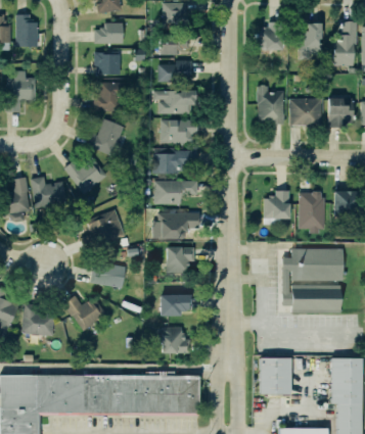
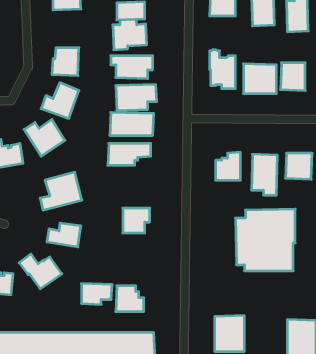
building: [94,52,122,78] -> none
building: [153,212,198,239] -> none
building: [159,295,191,317] -> [81,284,112,304]

